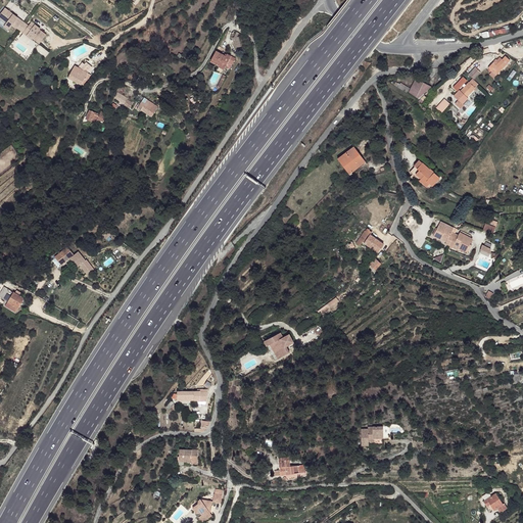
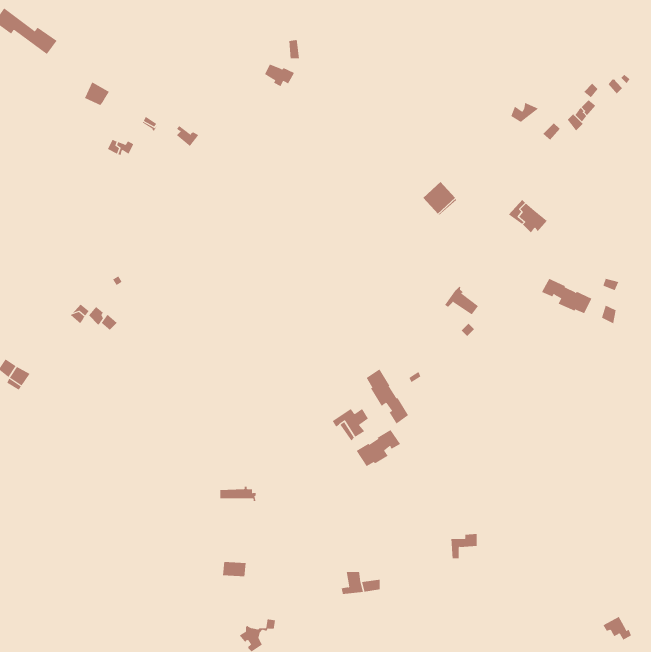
building: none -> [366,368,409,424]
building: none -> [356,429,401,467]

